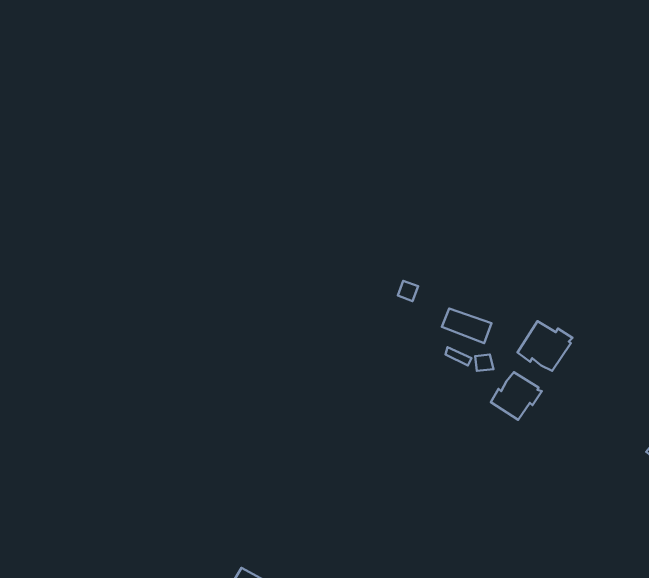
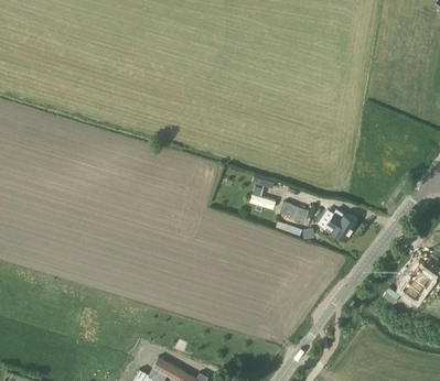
building: [491,372,542,420] -> none

